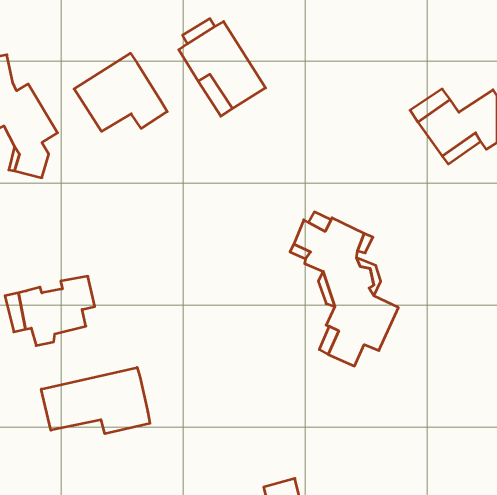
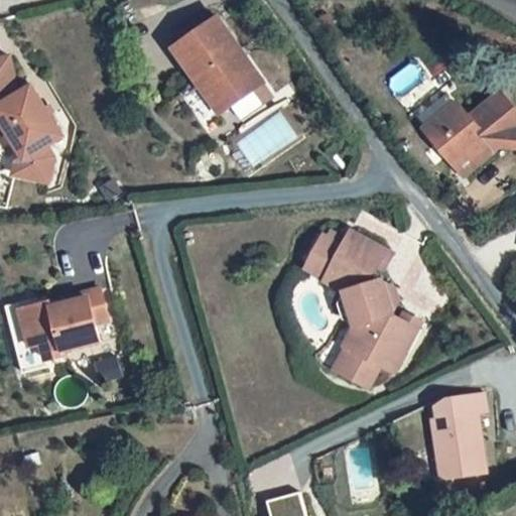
building: [74,53,167,131] -> none
building: [41,367,150,434] -> none
building: none -> [433,387,503,482]

